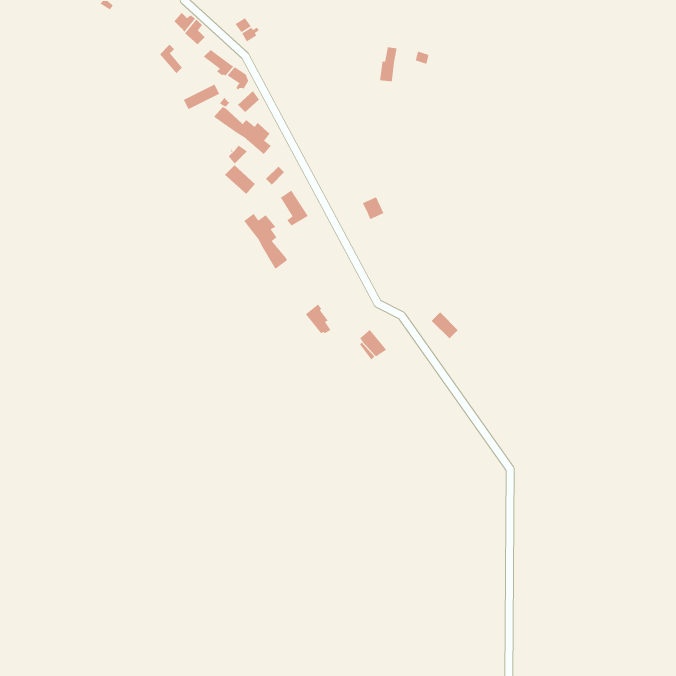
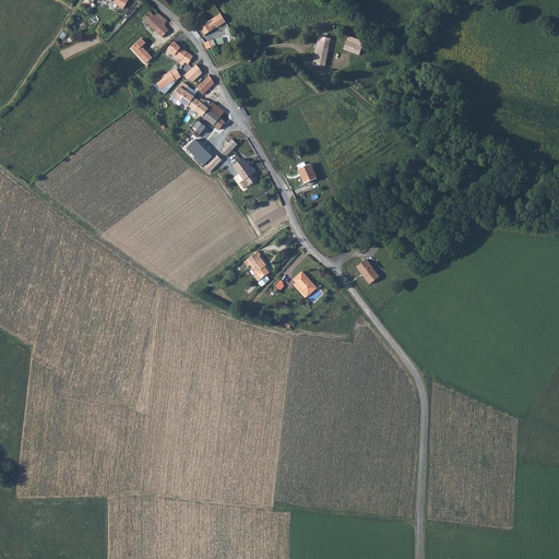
building: [243,213,288,270] -> none

